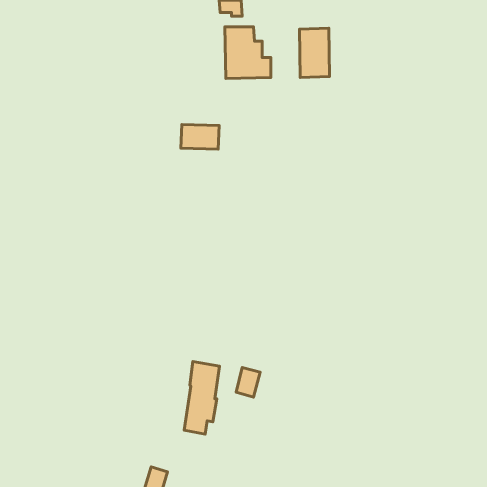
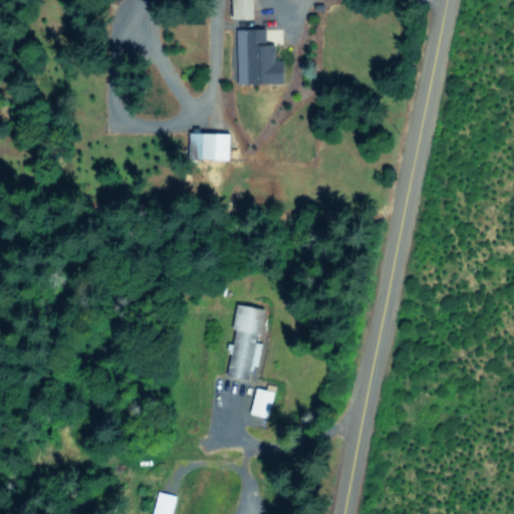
building: [299,28,330,77] -> none
building: [184,361,220,434] -> [228,304,265,380]

